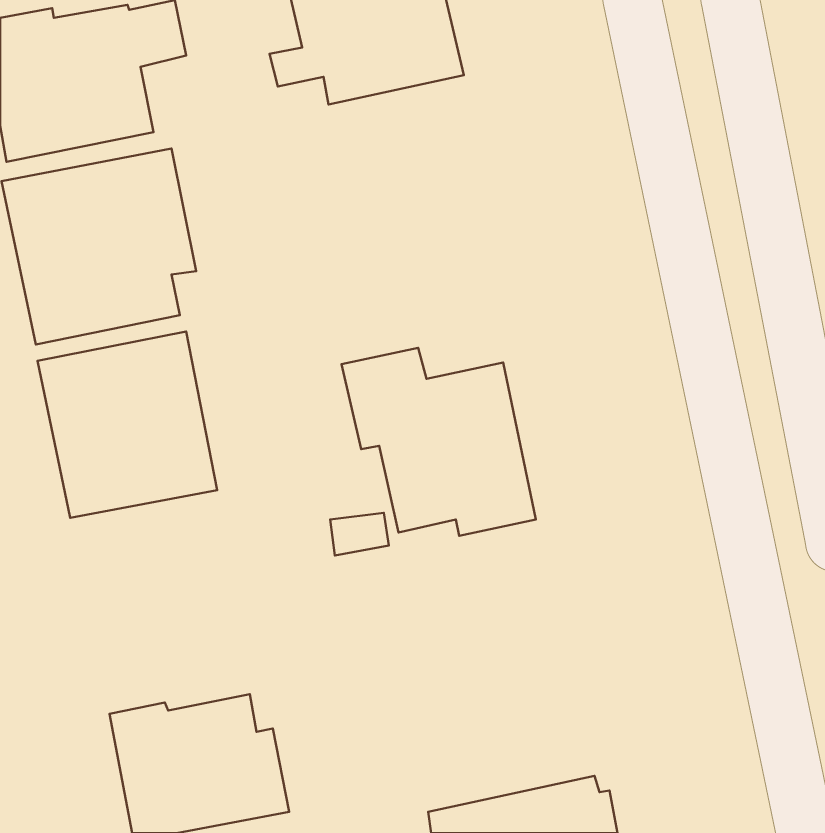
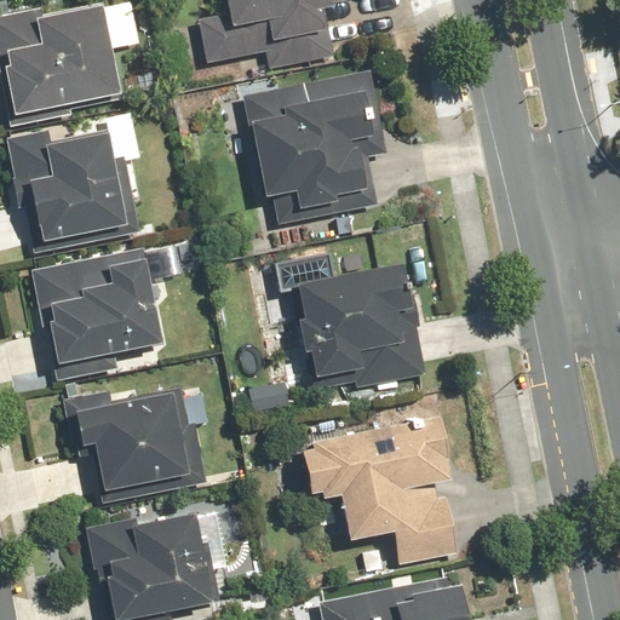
building: none -> [242,64,390,223]
building: none -> [63,386,197,501]
building: none -> [300,411,459,564]

